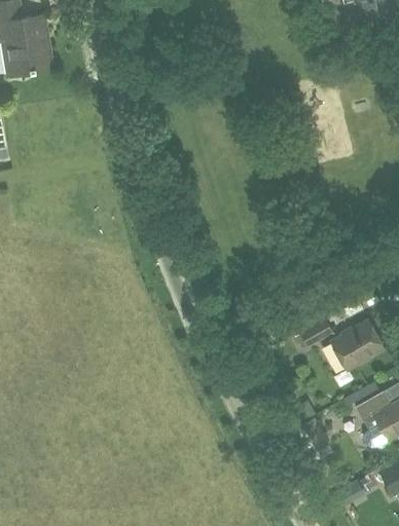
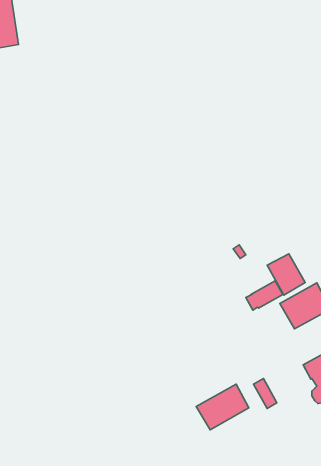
building: none -> [267,254,305,295]
building: none -> [196,384,249,430]

